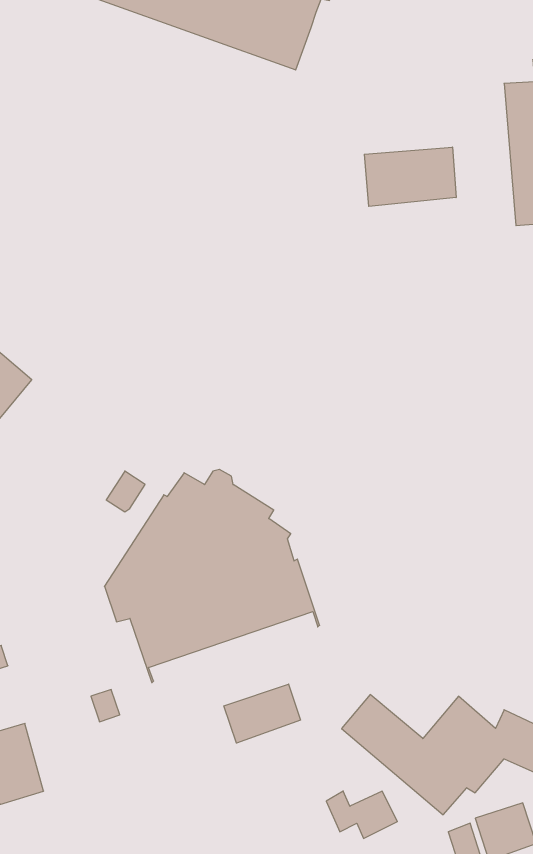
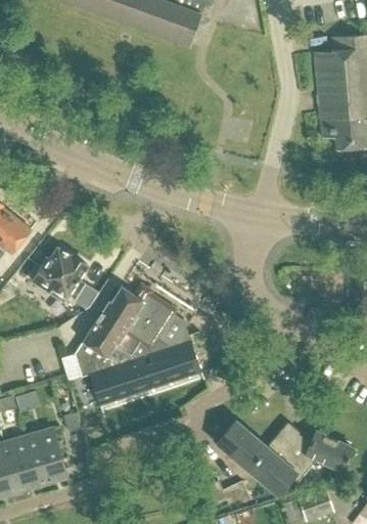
building: [364,147,456,206] -> none
building: none -> [32,248,86,299]
building: [224,684,300,743] -> none
building: none -> [25,431,64,480]

